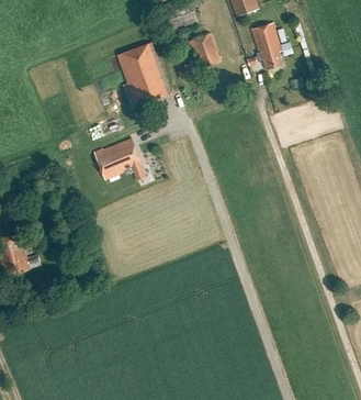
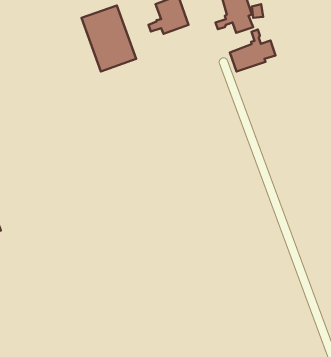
building: none -> [230,30,276,71]
building: [94,138,146,180] -> none

